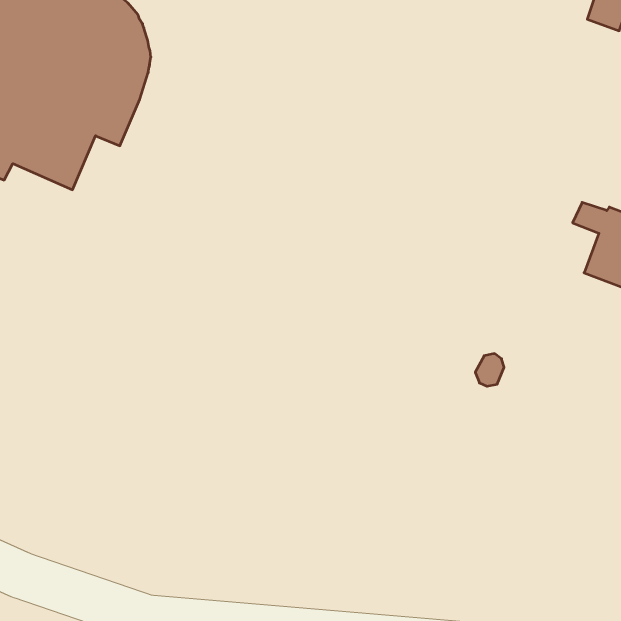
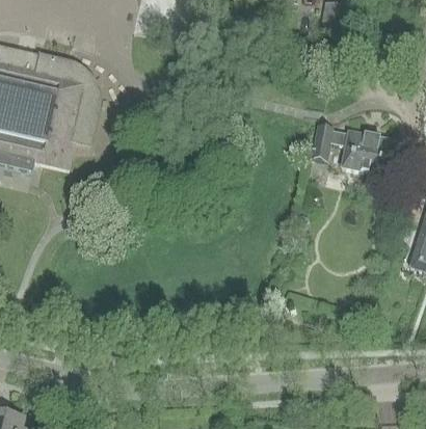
building: none -> [310,124,334,160]

